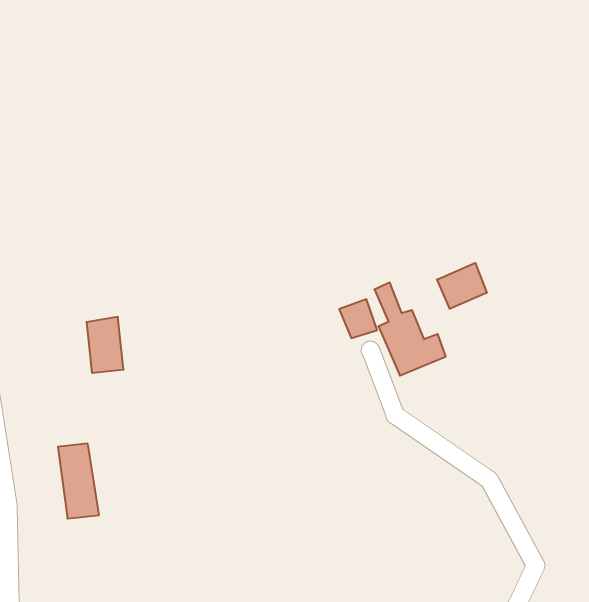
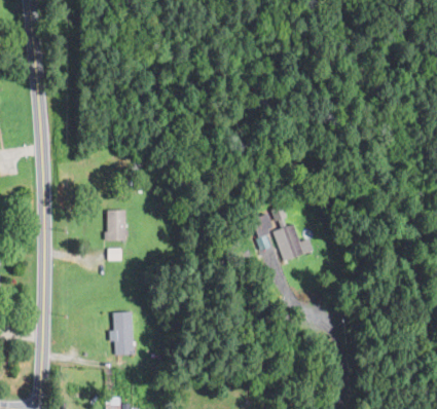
building: [437,263,487,309] -> none
building: [58,444,99,519] -> [113,312,133,355]

